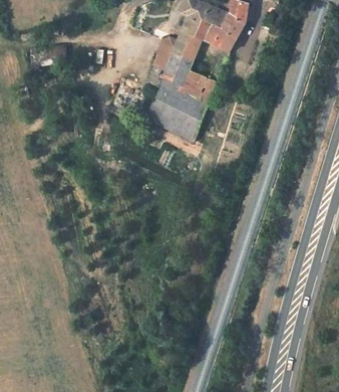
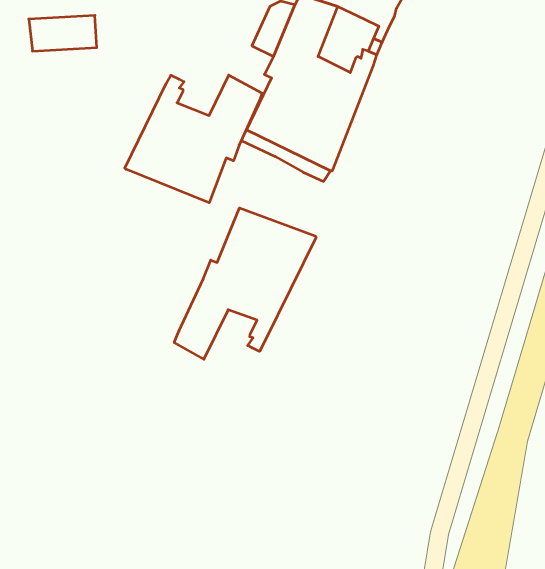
building: none -> [125,75,262,203]
building: none -> [174,208,316,359]

